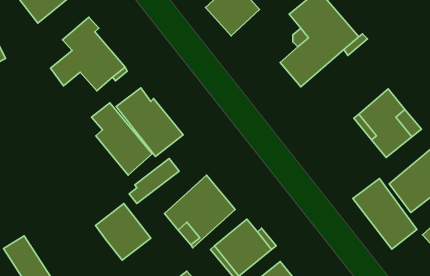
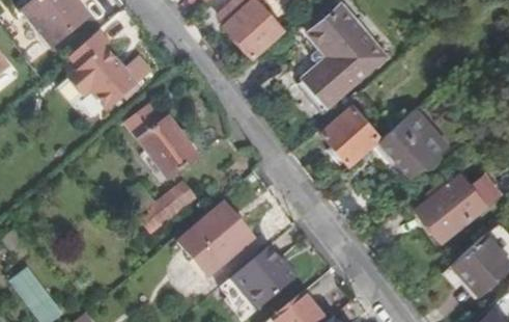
building: none -> [322,106,378,161]
building: [91,103,152,175] -> none
building: [353,179,417,249] -> none
building: [95,204,151,260] -> none

